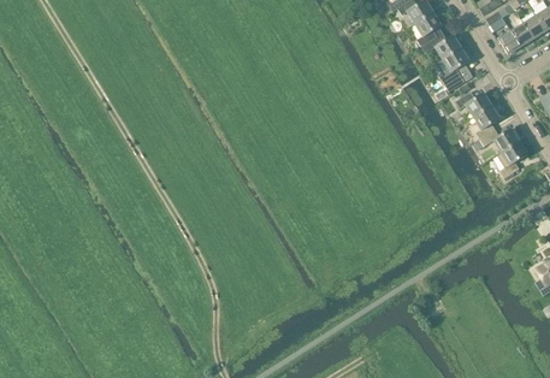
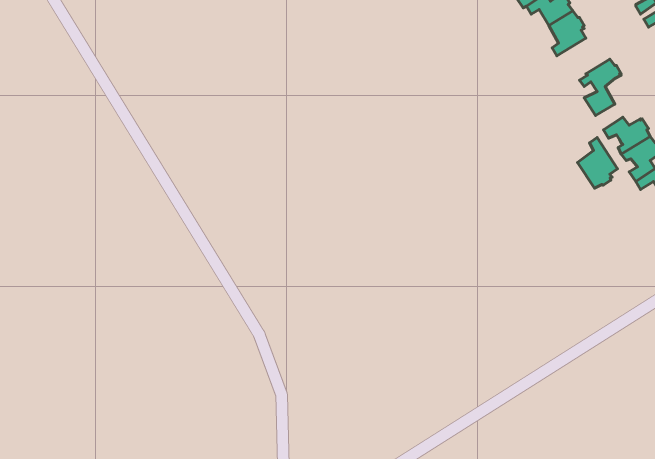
building: [420,33,460,59] -> none
building: none -> [577,138,618,188]

